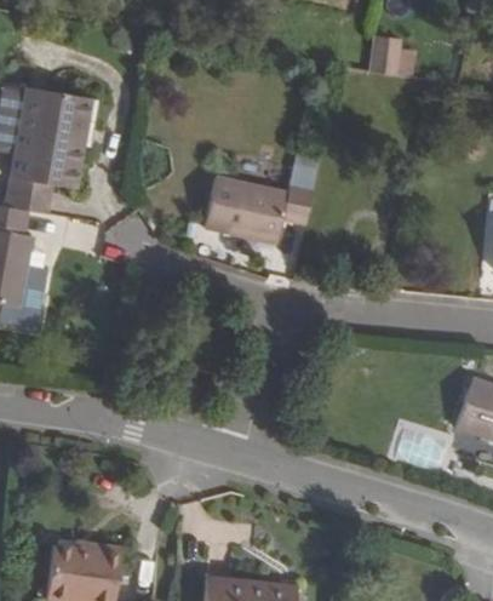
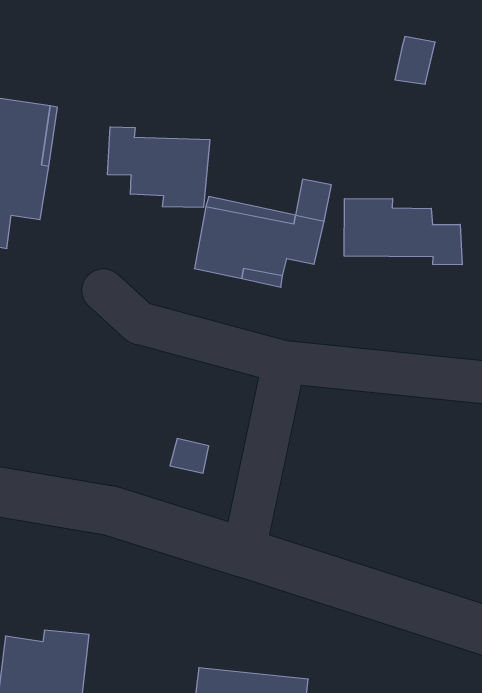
building: none -> [108,127,210,207]
building: none -> [344,198,462,265]

